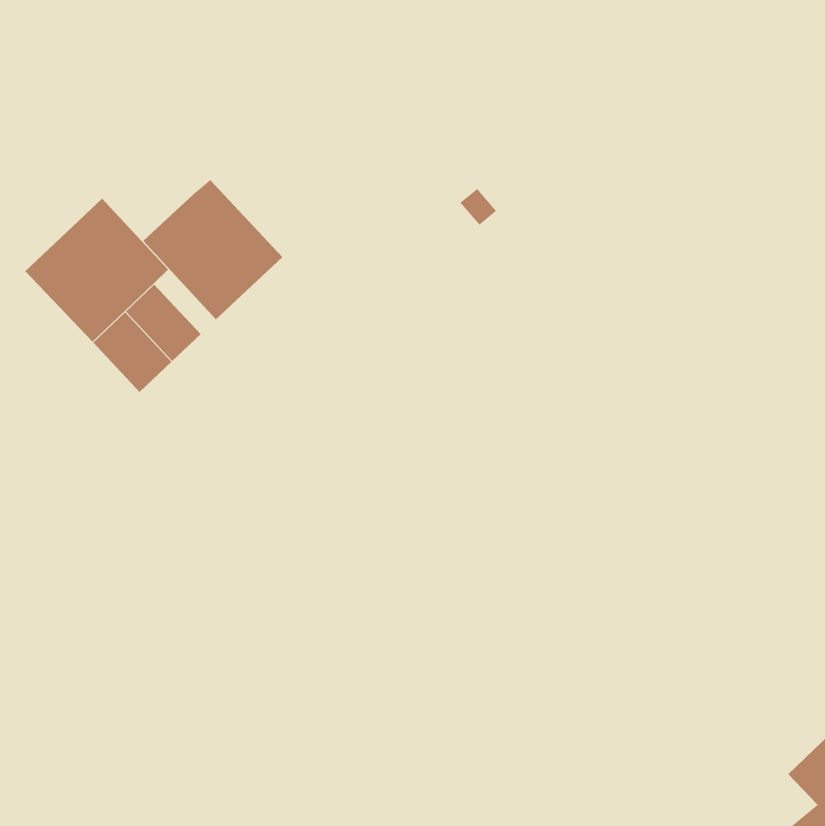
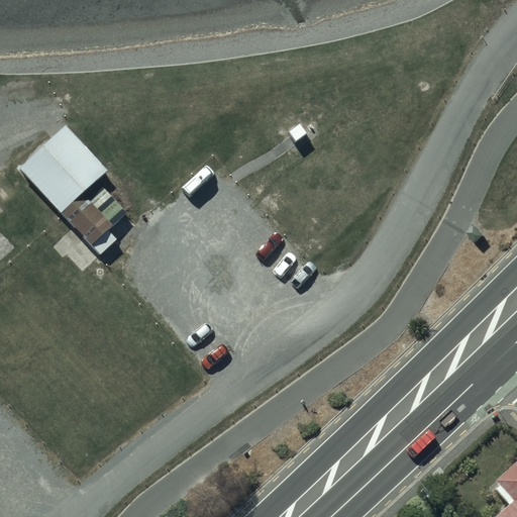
building: [142,179,283,320] -> none

